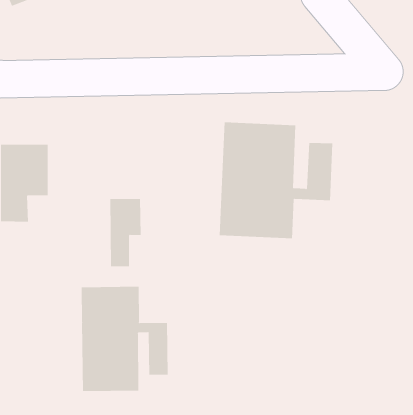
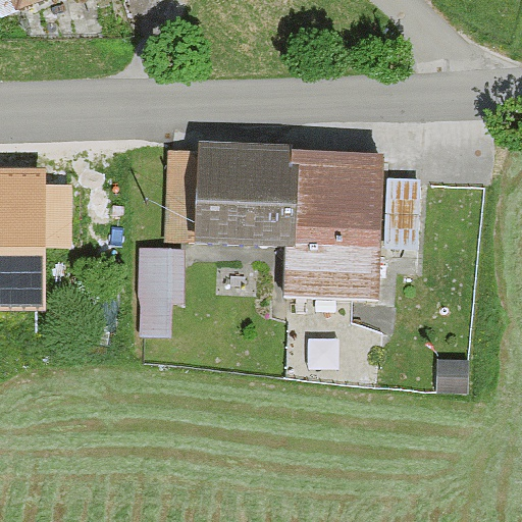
building: none -> [171,147,286,244]
building: [81,286,168,392] -> none

